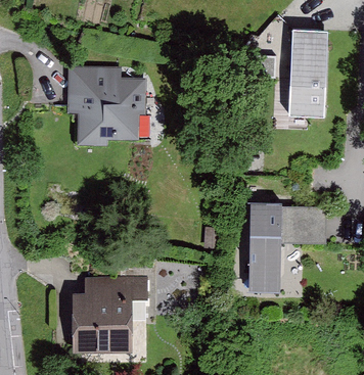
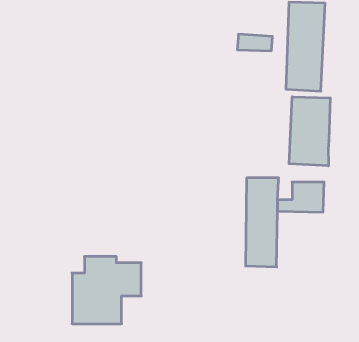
building: [73,71,140,145] -> none
building: none -> [289,97,330,166]

